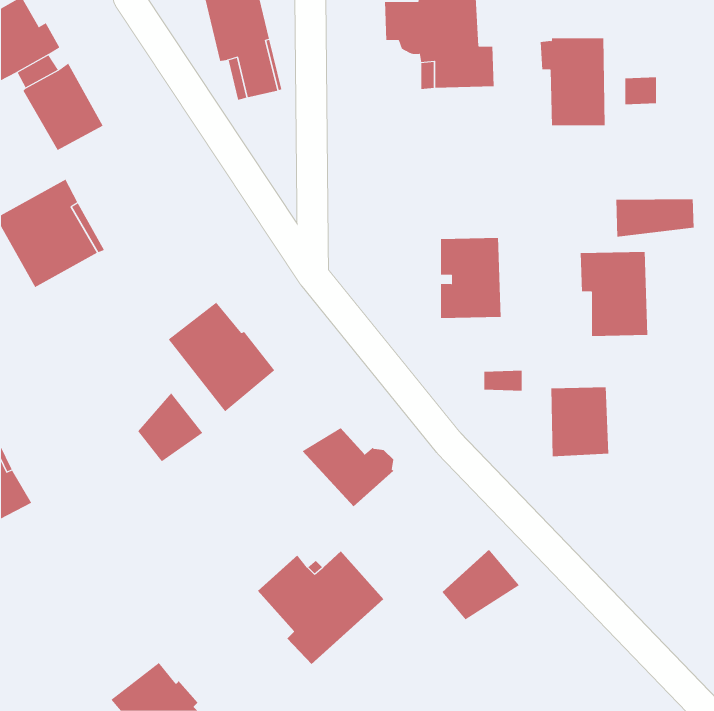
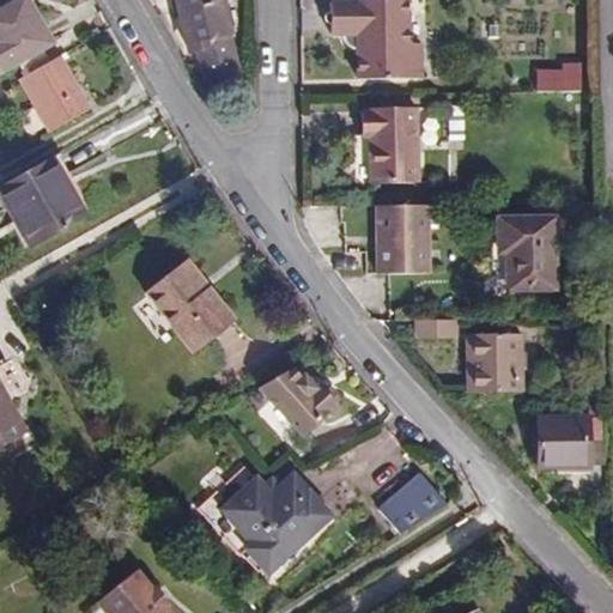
building: [540,38,606,126] -> [360,105,417,181]
building: [616,199,694,238] -> none
building: [137,393,203,462] -> none
building: none -> [536,413,605,466]

